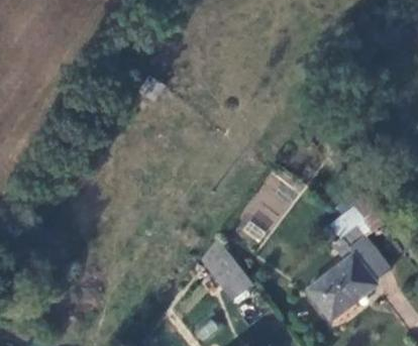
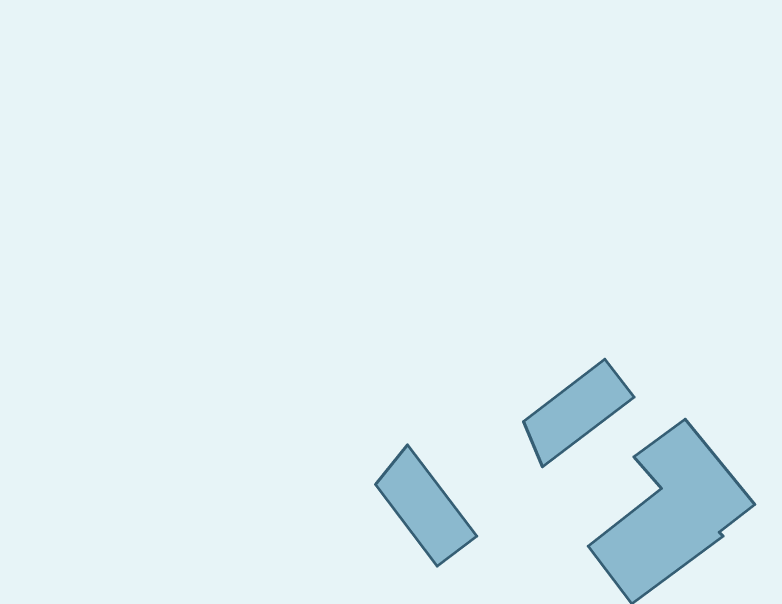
building: none -> [523,359,634,467]

